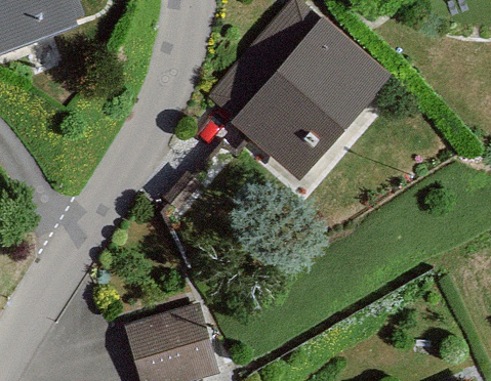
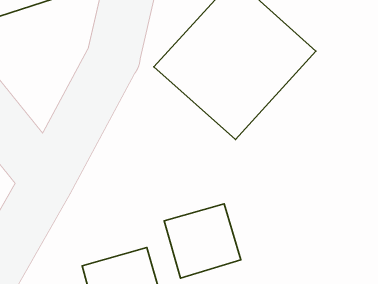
building: none -> [164,204,241,278]

